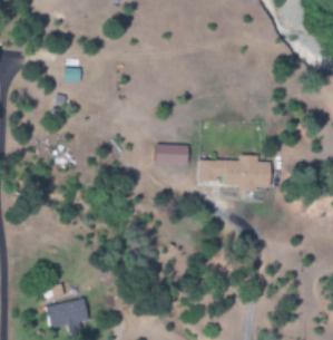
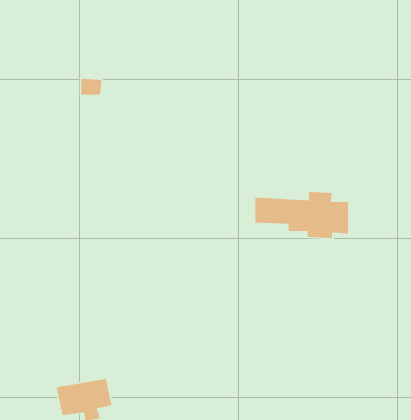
building: [155,145,188,164] -> none

